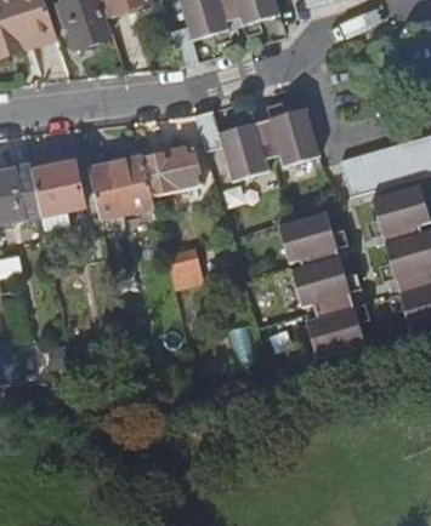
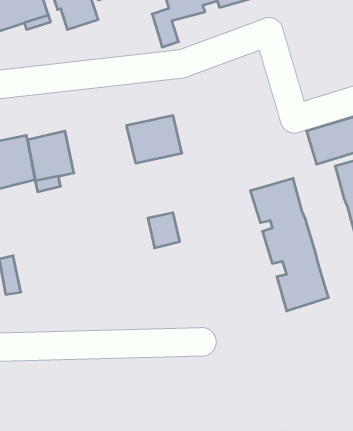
building: [194,107,319,179] -> none
building: [89,156,153,218] -> none

